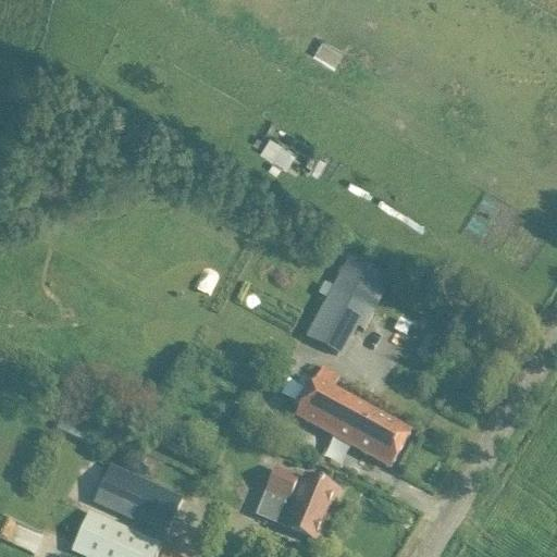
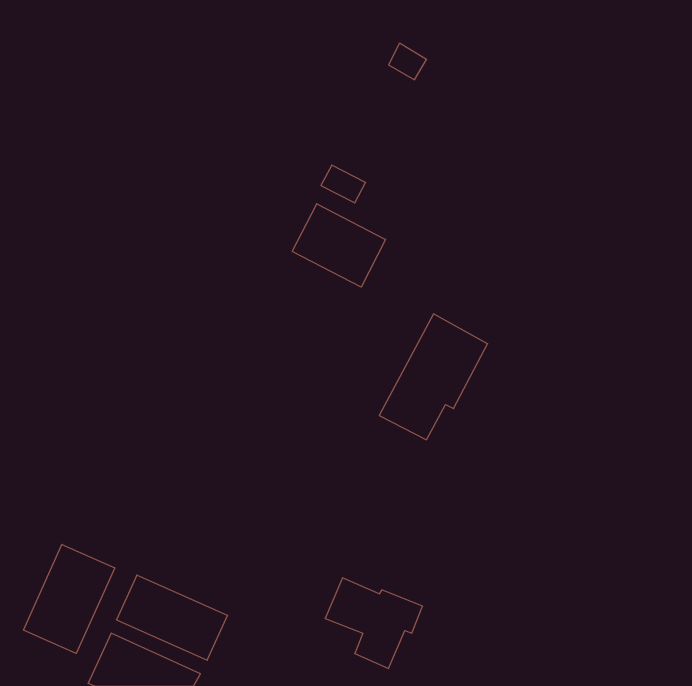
building: none -> [292,204,386,287]
building: [296,366,410,467] -> none
building: none -> [24,544,115,653]

